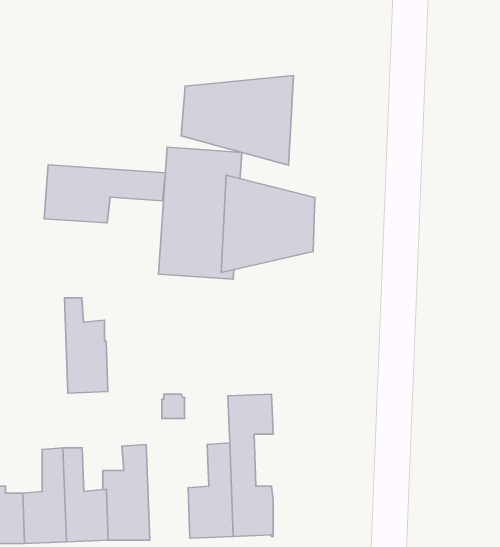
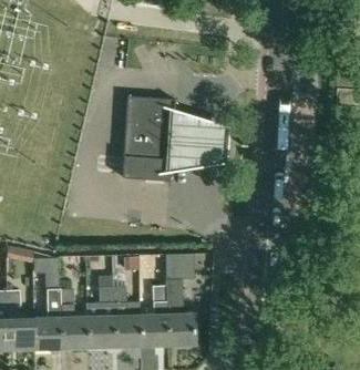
building: [181,76,293,165] -> none
building: [44,165,165,223] -> none
building: [64,298,108,393] -> [114,287,142,348]

